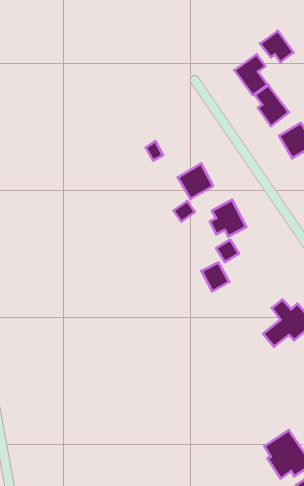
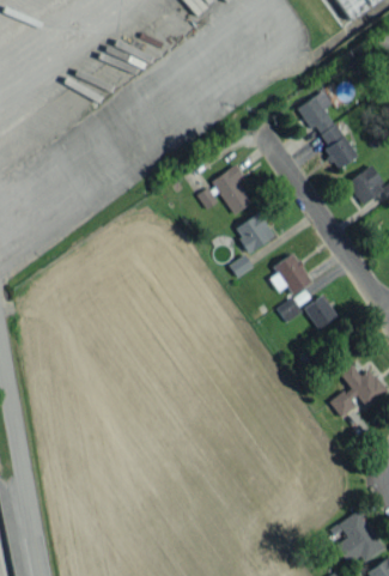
building: [260,31,293,62] -> none
building: none -> [213,164,253,214]
building: [201,263,229,291] -> [305,296,336,328]

